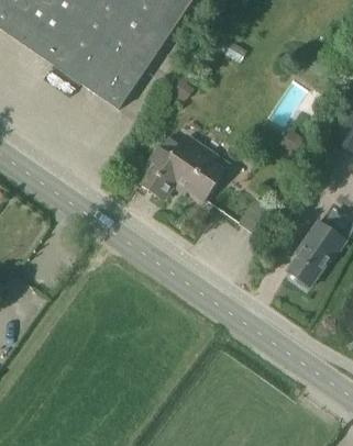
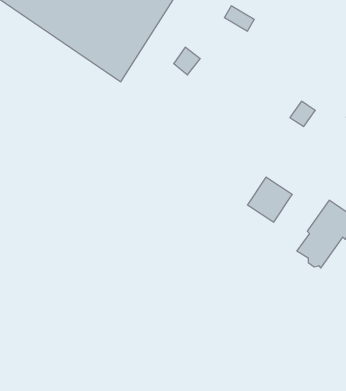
building: [128,135,228,199] -> none

